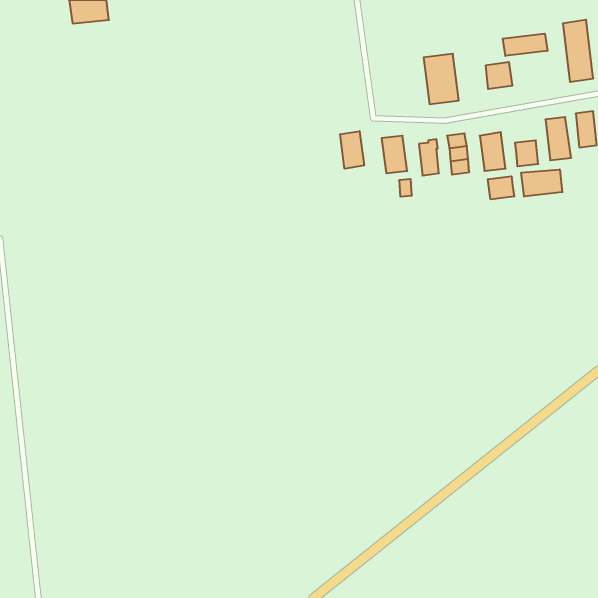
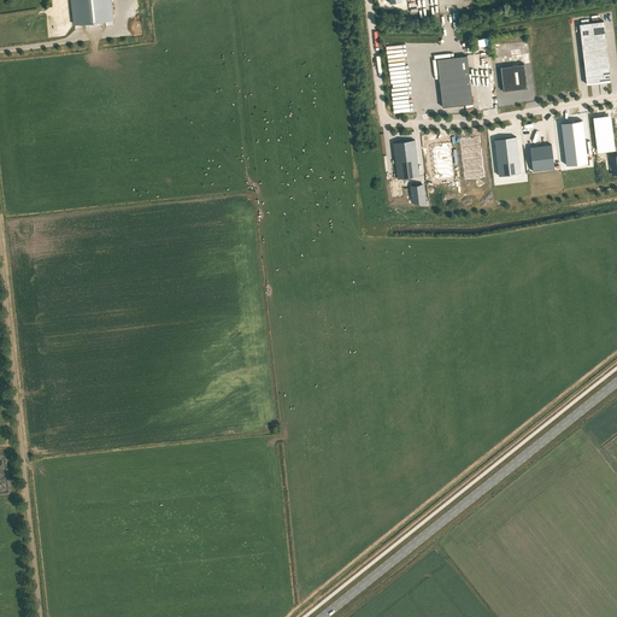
building: [503,34,547,56] -> none
building: [340,131,364,169] -> none
building: [521,169,562,197] -> none
building: [488,176,514,199] -> none

